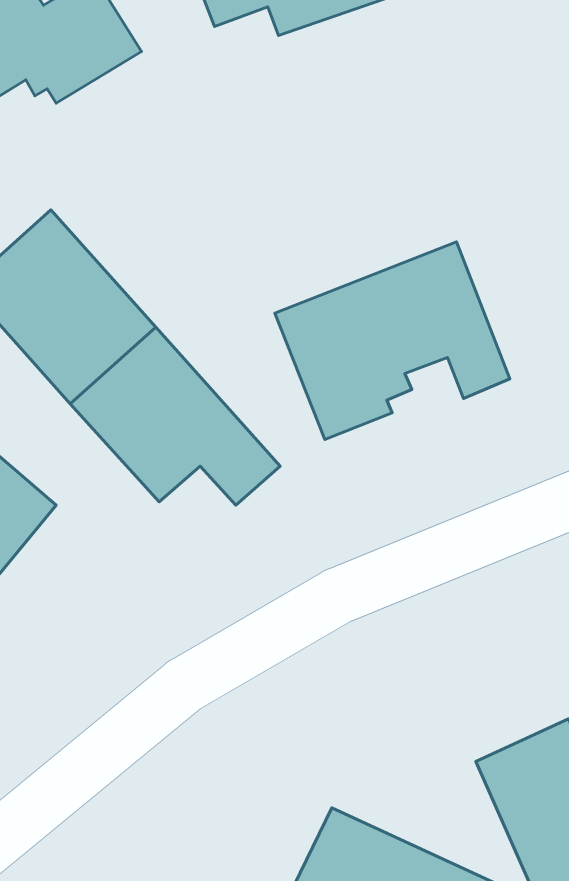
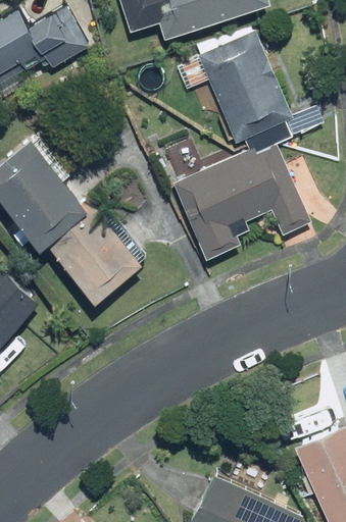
building: none -> [179,22,322,155]

